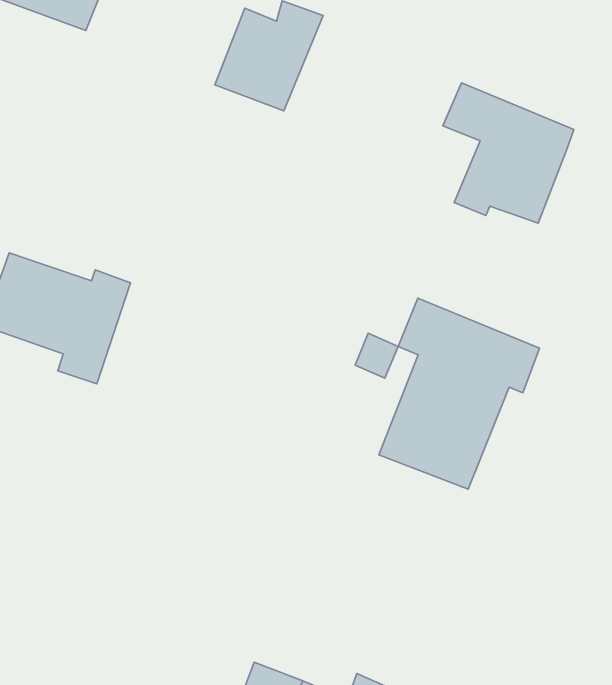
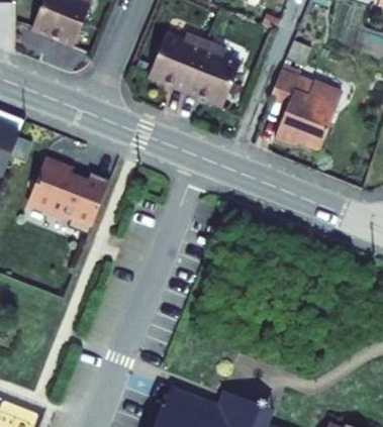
building: none -> [185,37,238,103]
building: [379,298,540,489] -> none

